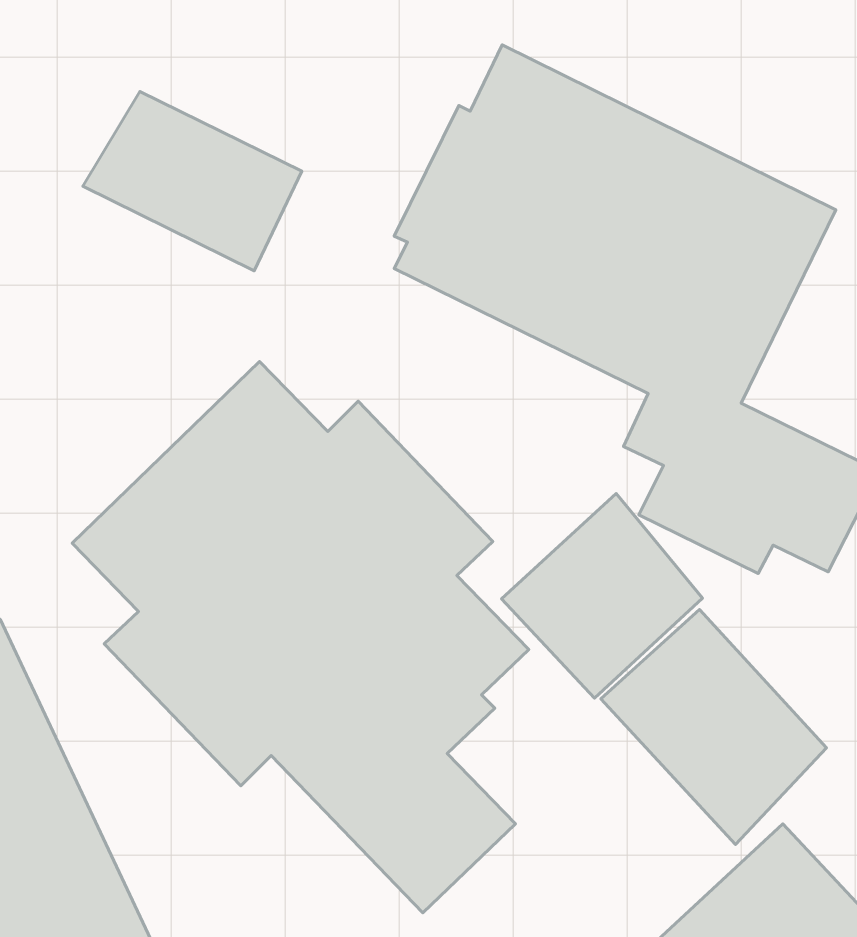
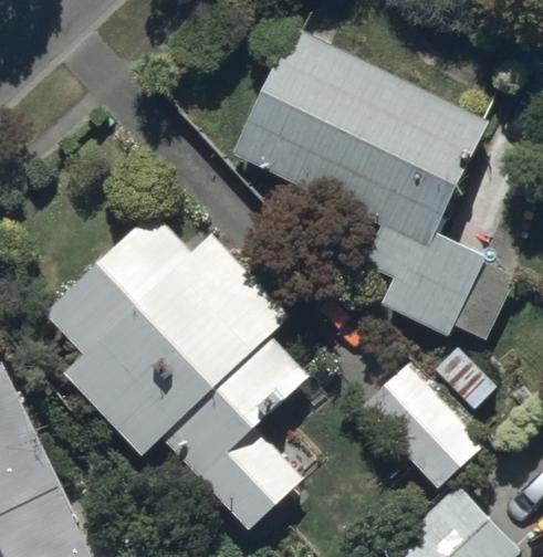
building: [83,91,302,271] -> none
building: [501,493,703,698] -> none

